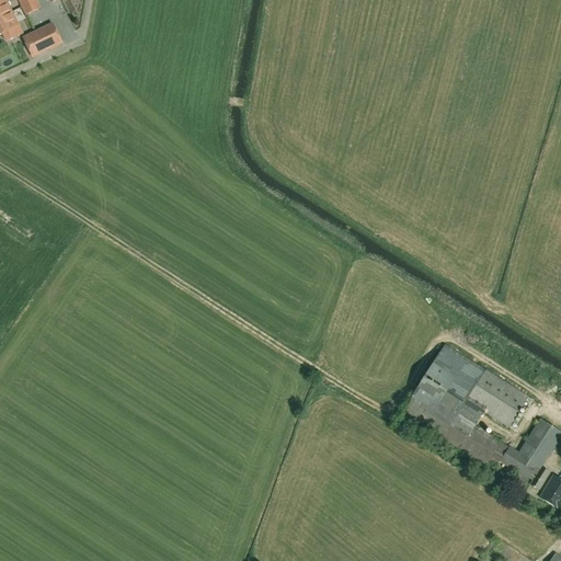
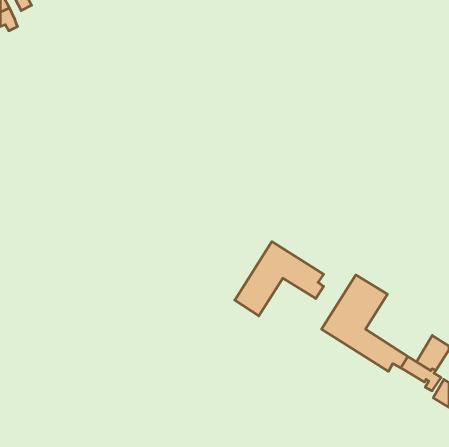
building: [28,22,61,55] -> none
building: none -> [235,242,324,316]
building: [466,368,528,426] -> none

